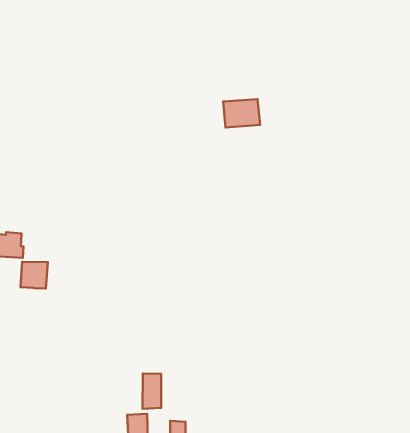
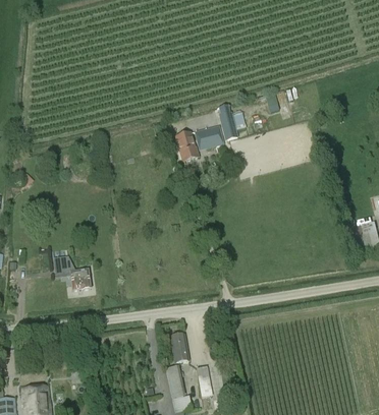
building: none -> [218,106,245,138]
building: none -> [174,132,198,161]

